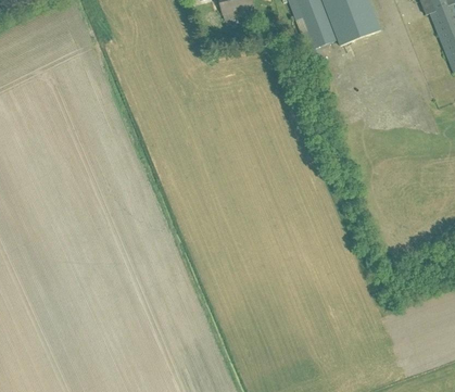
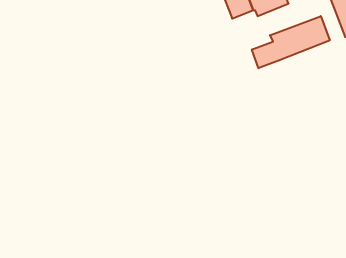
building: none -> [252,16,330,68]

